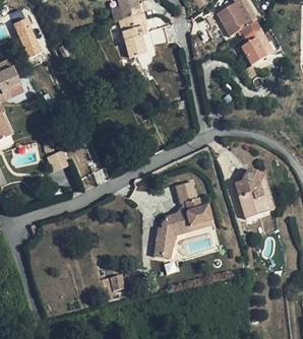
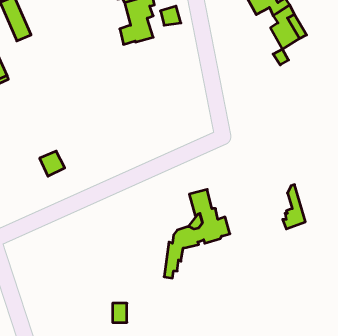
building: [234,170,263,218] -> none
building: [160,219,210,258] -> none

